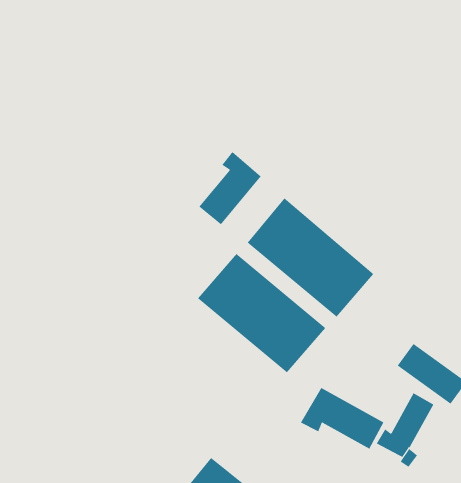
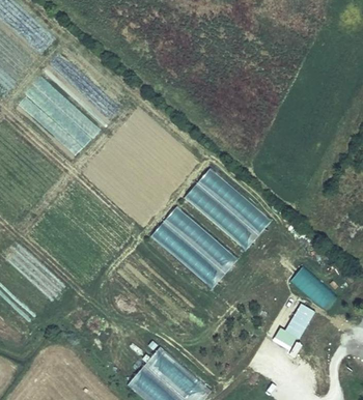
building: [199,151,262,225] -> none
building: [300,387,384,450] -> none

